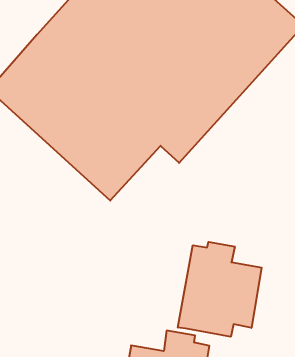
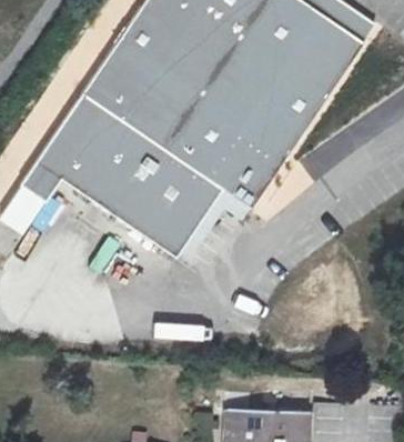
building: [178,242,262,337] -> none

